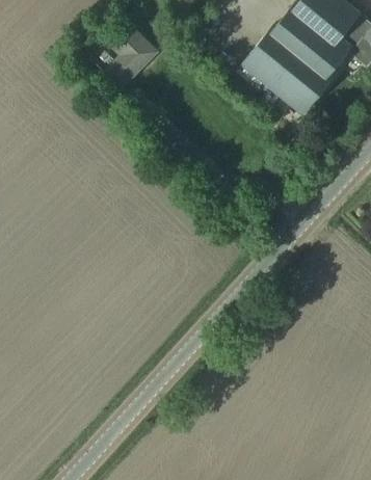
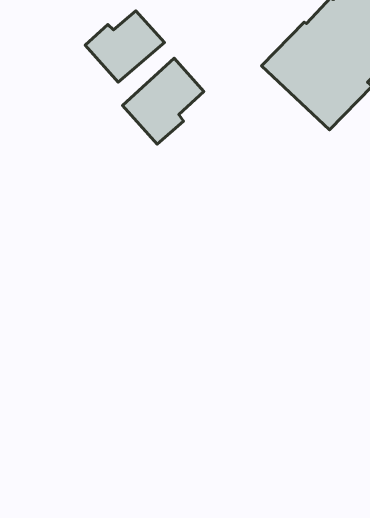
building: none -> [123,58,204,144]

